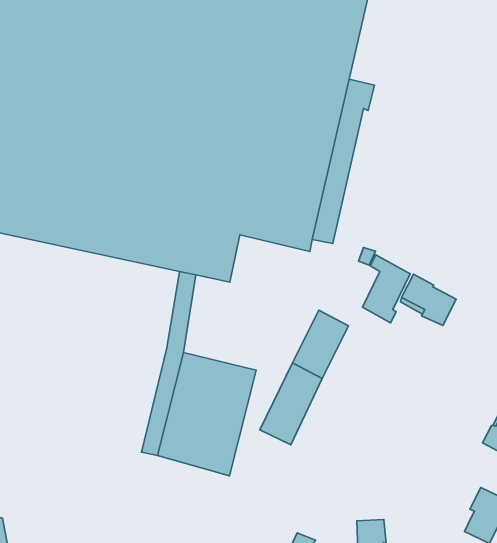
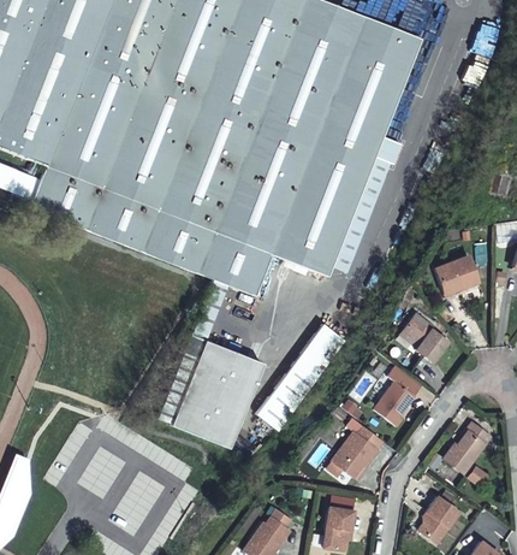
building: none -> [432,252,474,293]
building: [362,255,410,323] -> [368,360,412,419]
building: none -> [334,424,385,477]

